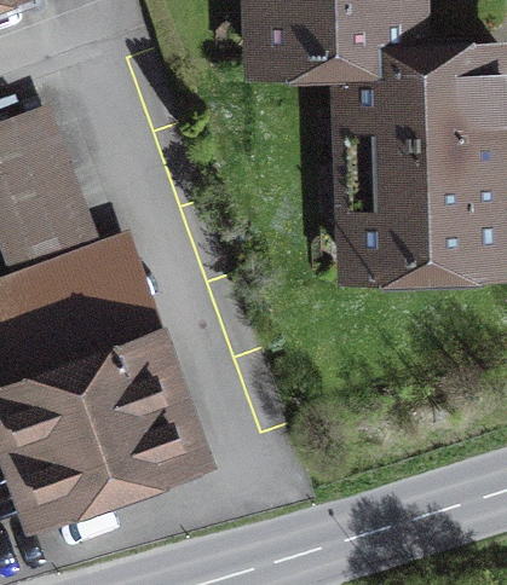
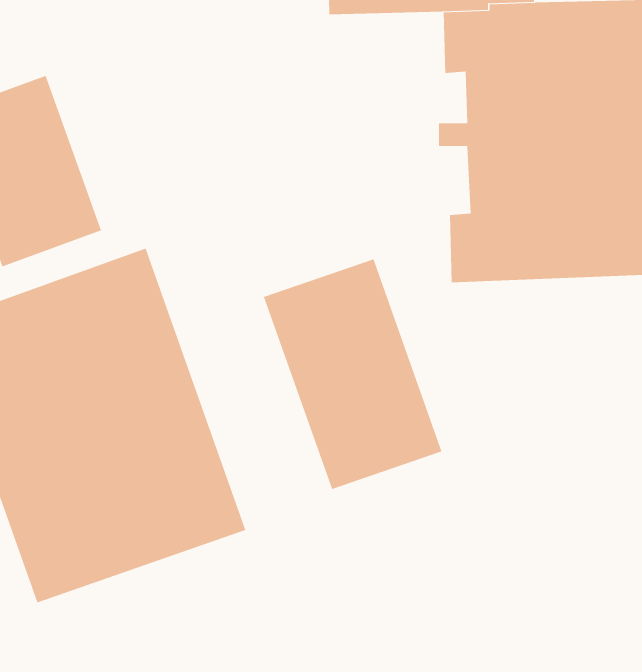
building: none -> [263,258,442,490]

